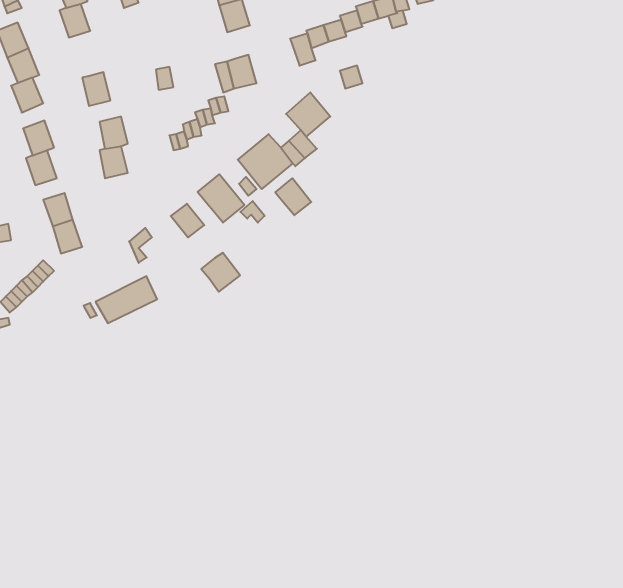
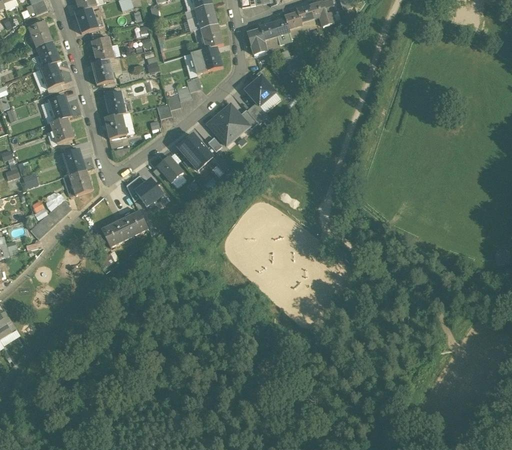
building: none -> [199,24,222,49]
building: none -> [91,37,112,62]
building: [275,178,311,215] -> none
building: [201,253,240,292] -> [133,178,162,207]

